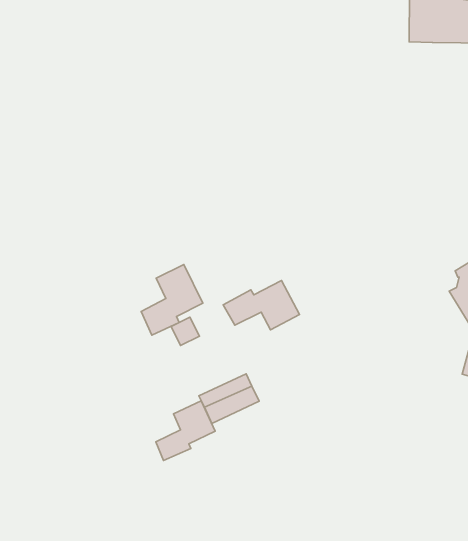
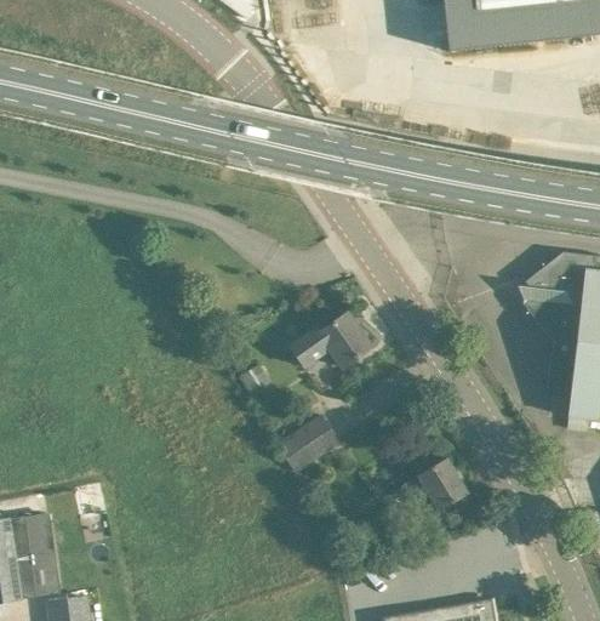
building: [141,264,203,335] -> none
building: [156,401,215,461] -> none
building: none -> [405,458,469,512]

